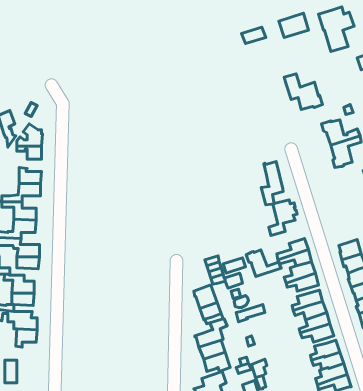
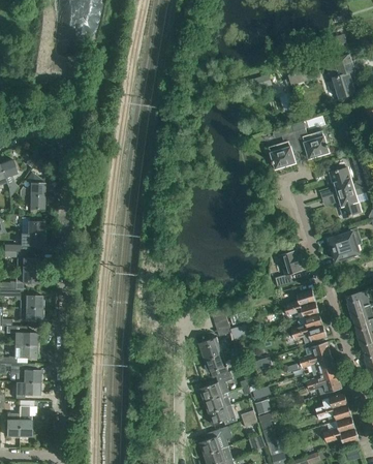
building: none -> [269,125,298,171]
building: [261,161,283,205] -> none
building: none -> [328,228,362,261]
building: [246,250,281,277] -> none
building: none -> [18,401,35,436]

